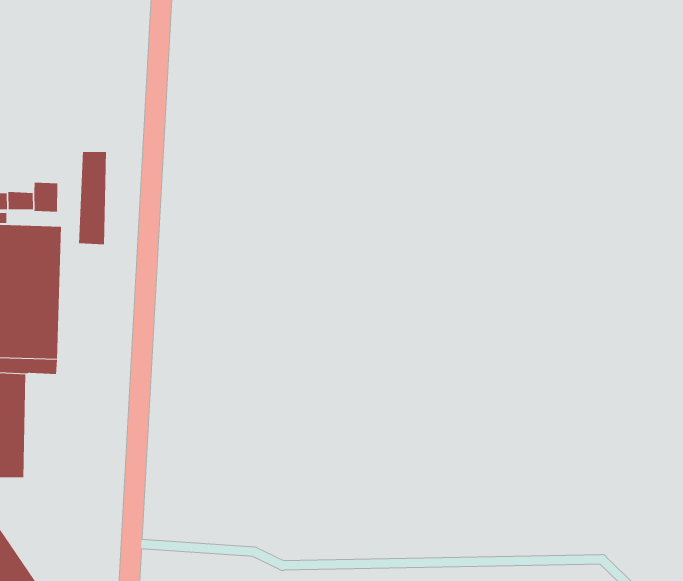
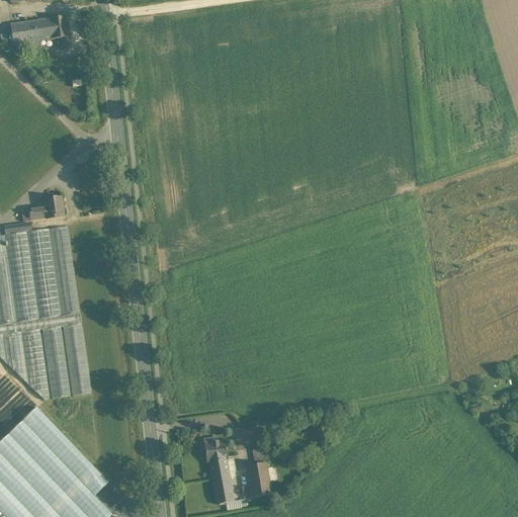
building: [79,151,107,245] -> none
building: none -> [61,324,89,396]

